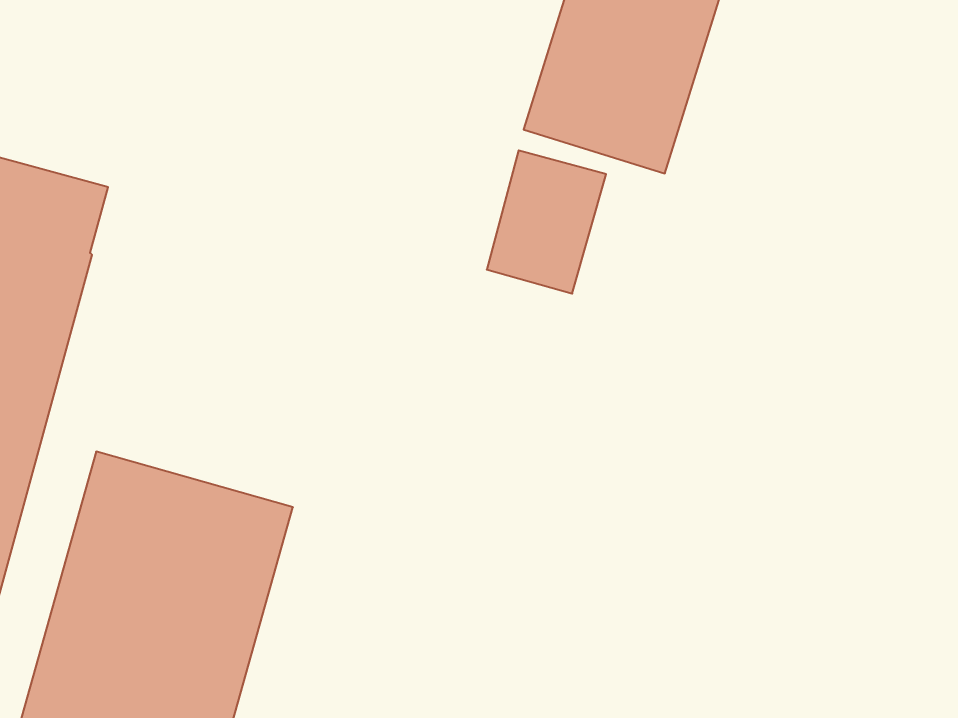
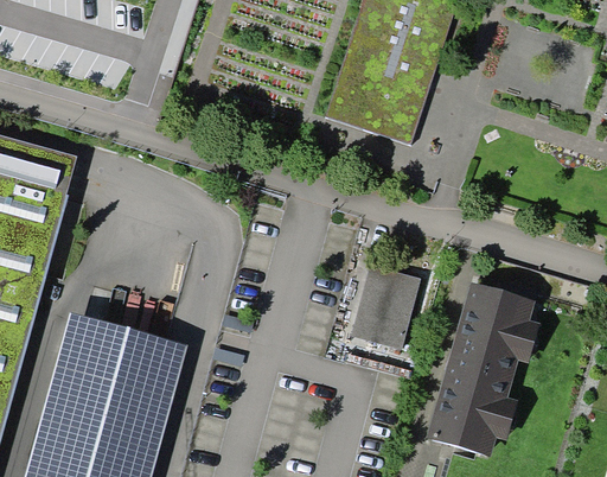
building: [487,150,606,294] -> [350,265,421,350]
building: none -> [426,281,539,456]

